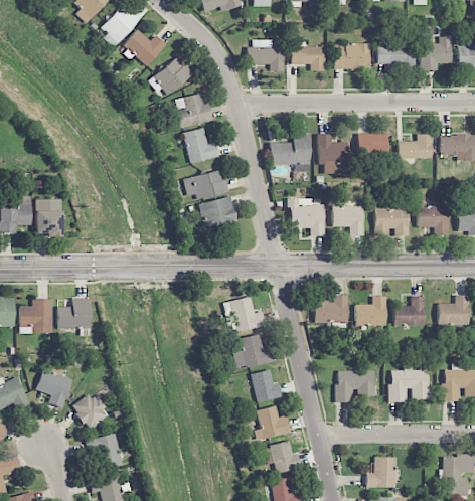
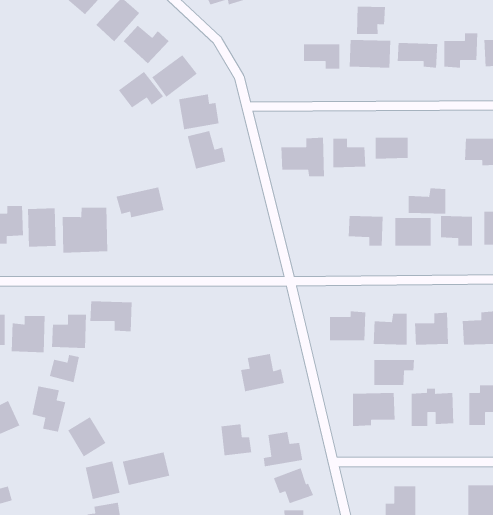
building: none -> [356,6,386,35]
building: [247,40,285,71] -> none
building: none -> [118,71,164,109]
building: [398,134,433,159] -> [408,187,446,215]
building: [183,170,228,199] -> [115,187,164,218]
building: [200,196,238,228] -> none
building: [291,198,325,236] -> none
building: none -> [62,207,108,254]
building: none -> [90,300,132,332]
building: [223,298,265,331] -> none
building: none -> [49,354,80,383]
building: none -> [373,359,415,386]
building: [253,371,282,401] -> [221,424,252,456]
building: none -> [122,451,170,486]

